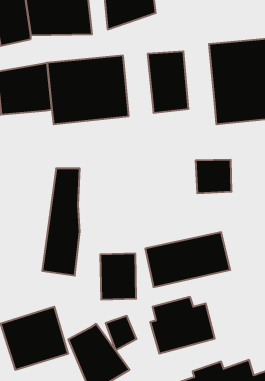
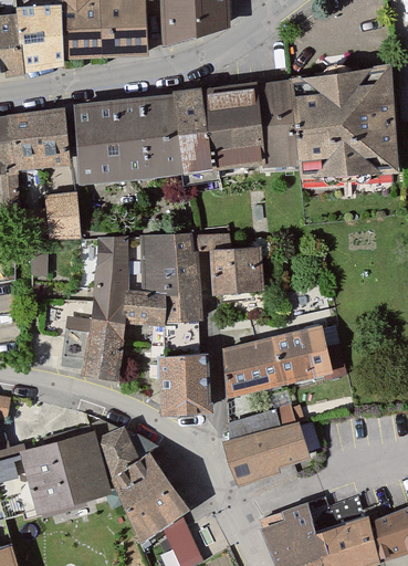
building: none -> [270,73,312,165]
building: none -> [188,86,229,170]
building: none -> [43,197,80,244]
building: [196,160,232,193] -> [211,252,260,297]
building: none -> [128,238,193,326]
building: [106,316,137,350] -> [101,426,143,472]

